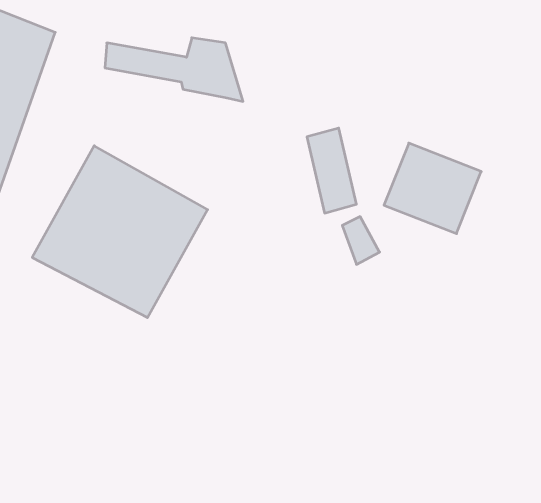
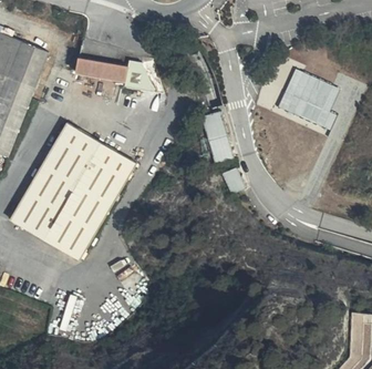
building: [384,143,481,234] -> [276,69,337,125]
building: none -> [13,193,101,259]

